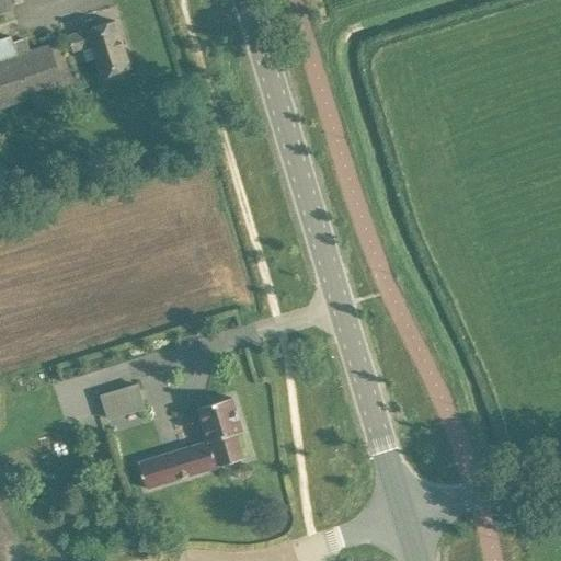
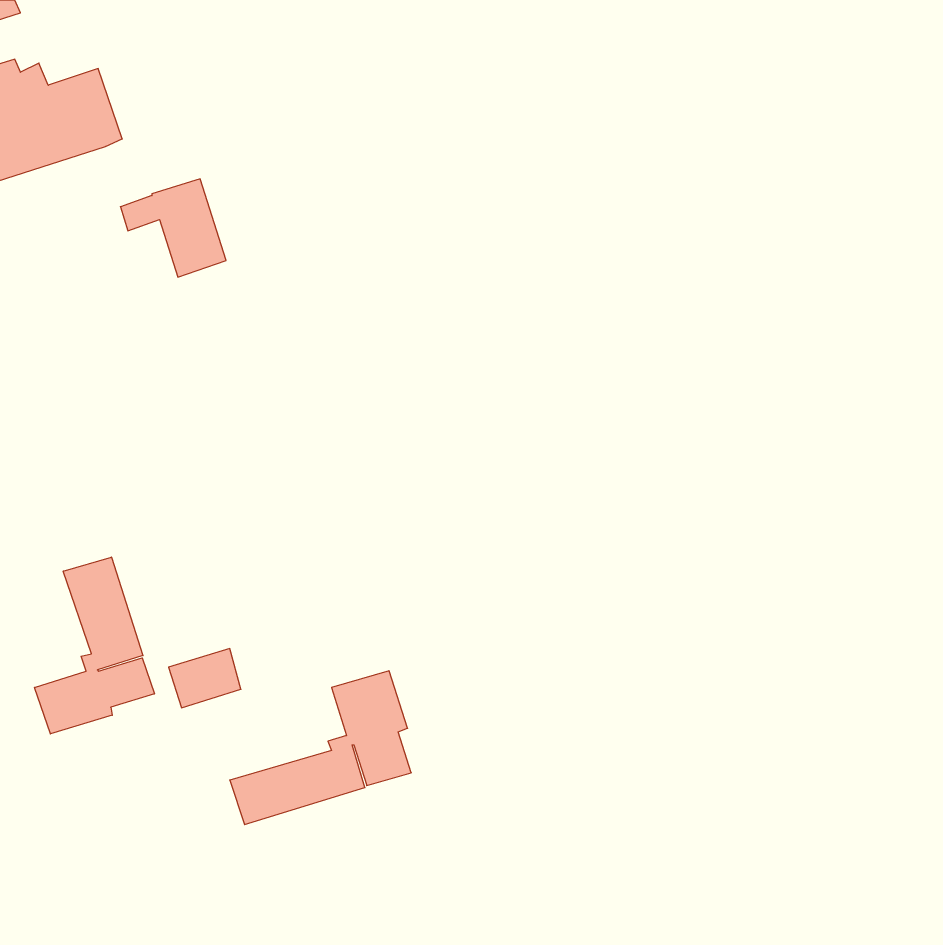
building: [67,21,129,79] -> [120,179,226,277]
building: none -> [35,557,154,734]

